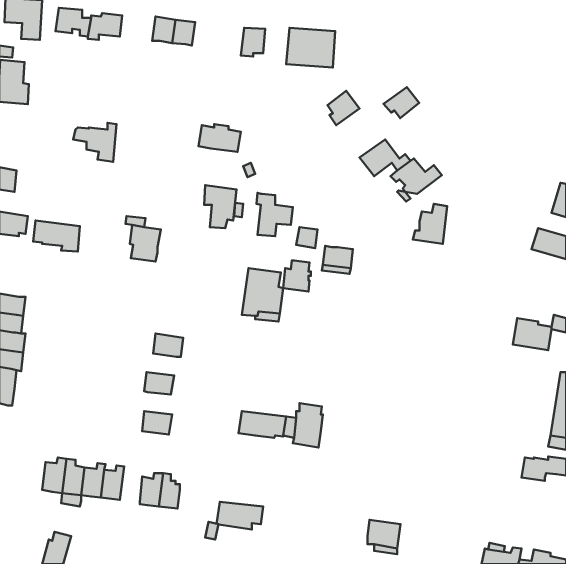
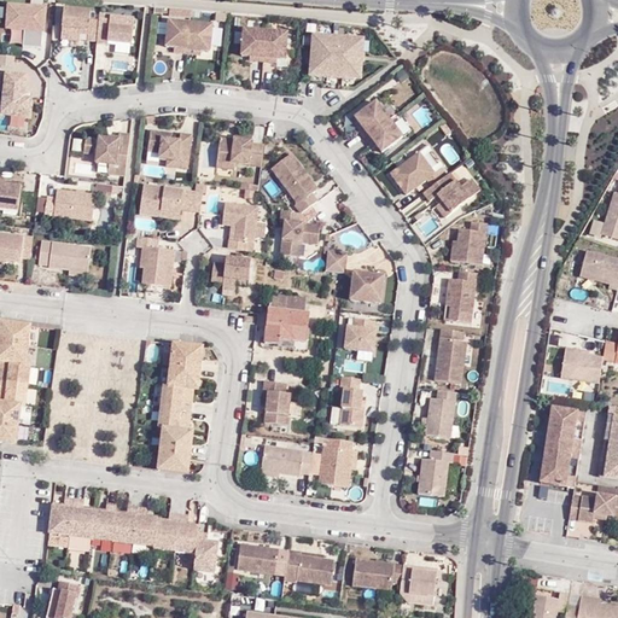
building: none -> [240,28,266,60]
building: [384,87,419,118] -> [366,118,404,152]
building: none -> [147,132,190,167]
building: none -> [273,152,319,212]
building: none -> [139,186,202,218]
building: none -> [43,190,94,221]
building: none -> [210,257,250,291]
building: none -> [444,272,478,325]
building: [283,260,311,291] -> [342,319,372,352]
building: none -> [435,330,467,384]
building: none -> [169,342,203,368]
building: none -> [338,378,363,428]
building: none -> [261,380,288,427]
building: none -> [159,385,192,409]
building: none -> [426,391,456,438]
building: none -> [537,406,576,484]
building: none -> [157,427,191,451]
building: none -> [415,453,450,497]
building: none -> [130,508,156,547]
building: none -> [192,534,216,572]
building: none -> [282,552,333,587]
building: none -> [351,561,402,591]

